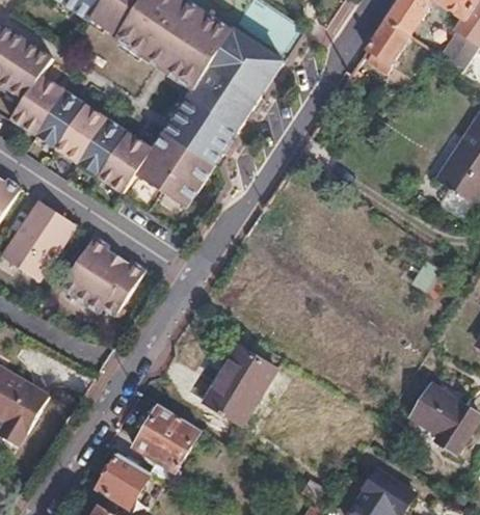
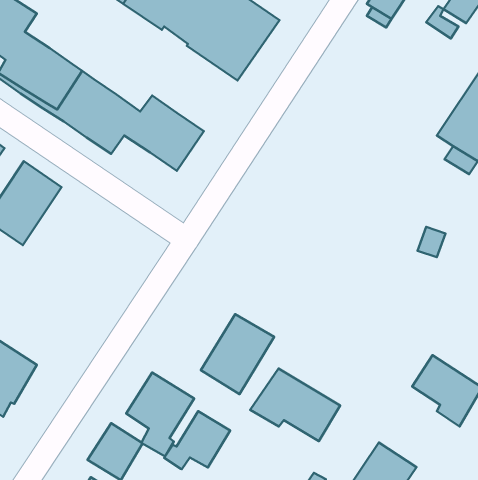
building: [161,88,243,170] -> none
building: [60,237,143,317] -> none
building: none -> [250,368,340,441]
building: none -> [164,411,230,469]

